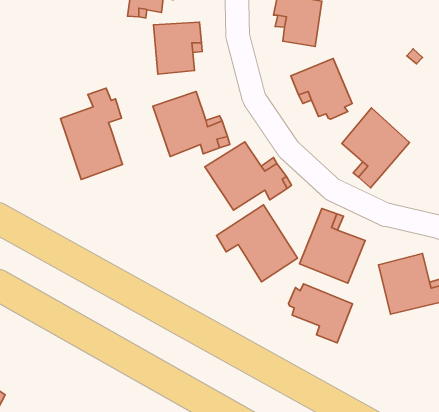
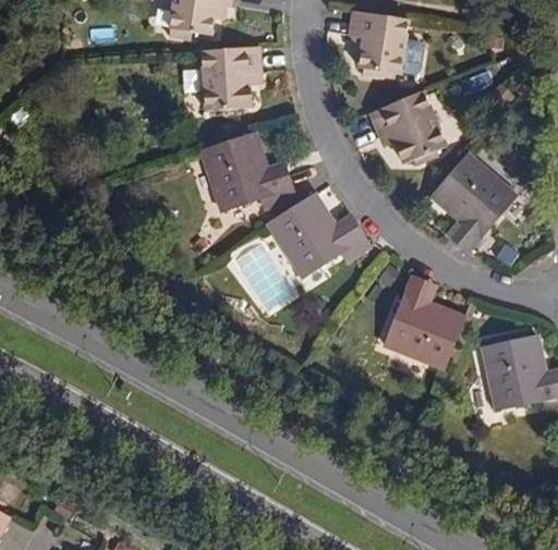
building: [60,88,123,180] -> none
building: [216,205,297,282] -> none
building: [288,284,352,343] -> none

